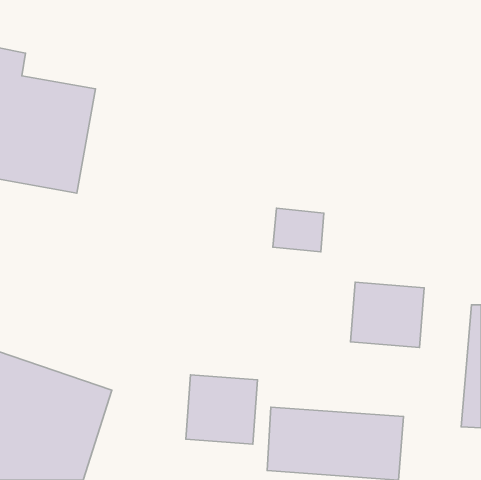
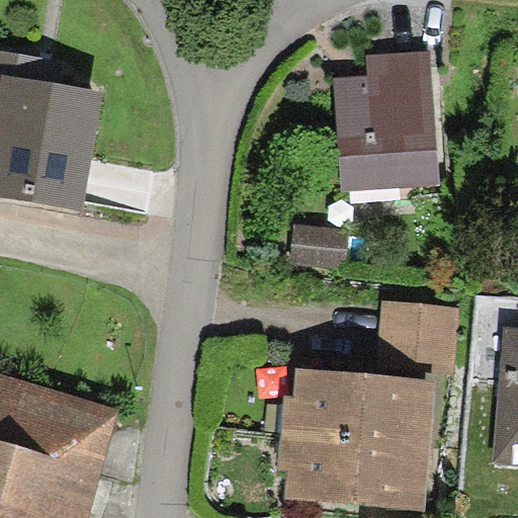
building: none -> [338,52,433,191]
building: none -> [289,368,436,445]
building: [186,375,257,444] -> none

